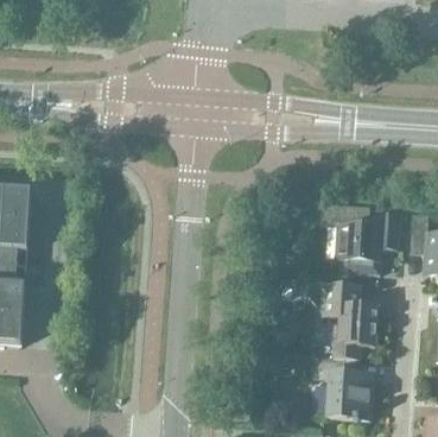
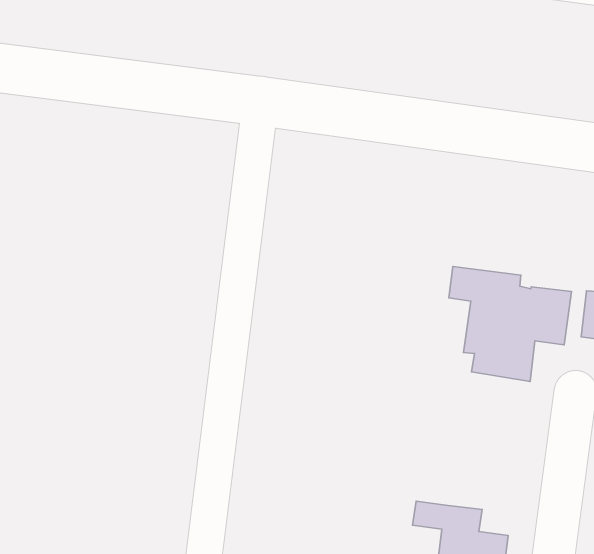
building: [307,284,376,359] -> none

